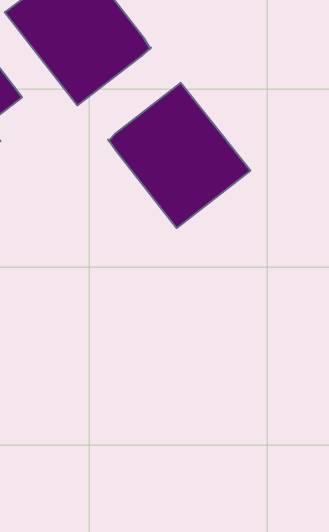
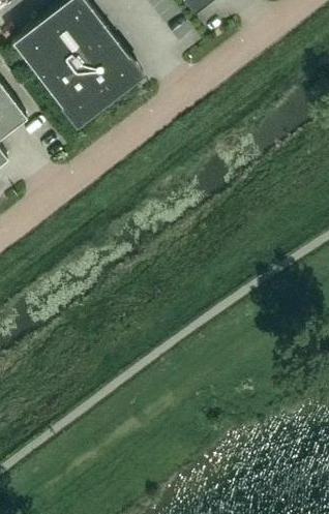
building: [108,83,250,228] -> none

